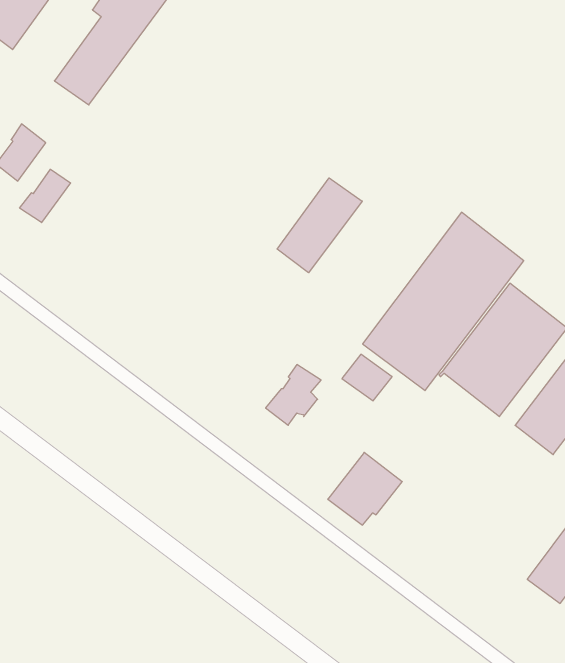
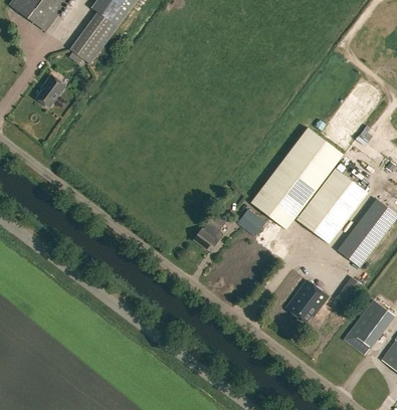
building: [20,169,71,223] -> none
building: [277,178,362,273] -> none
building: [328,452,402,525] -> [284,279,328,322]

